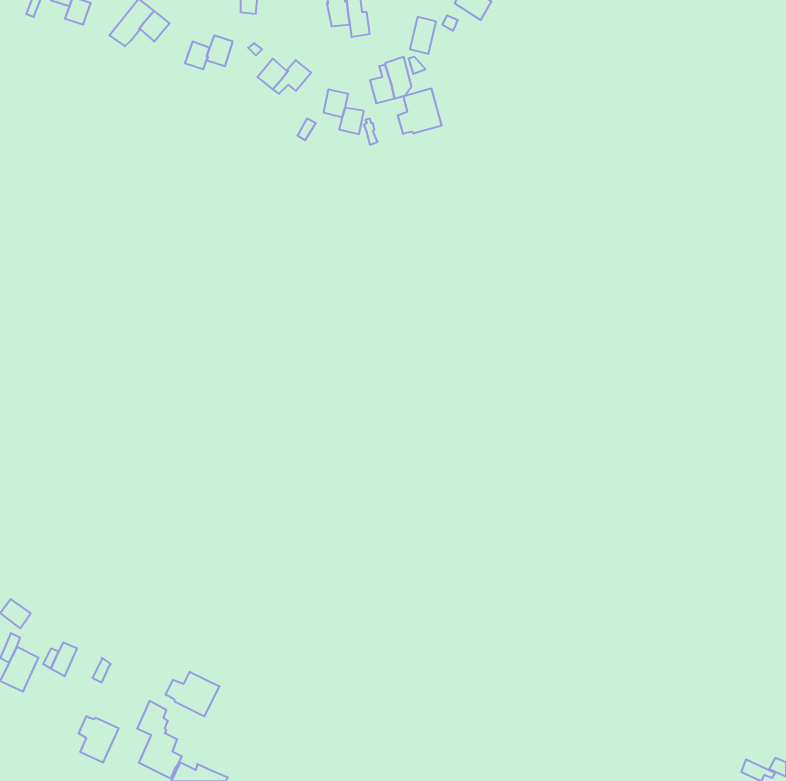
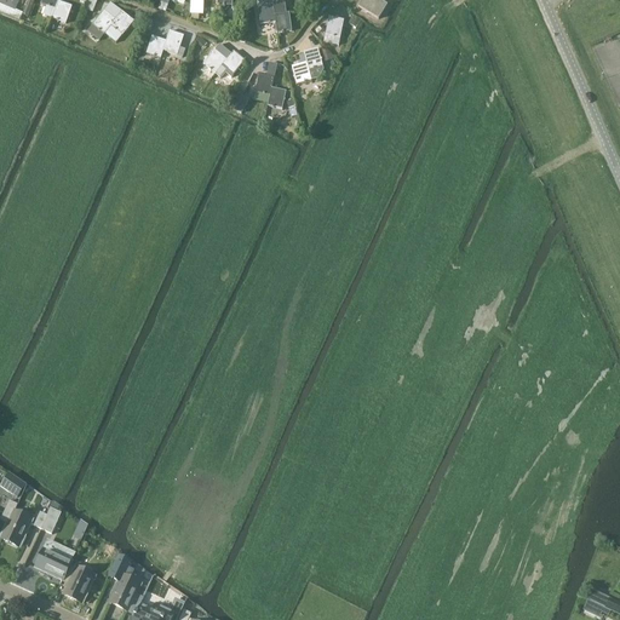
building: [398,88,441,134] -> none
building: [165,672,219,716] -> none
building: none -> [35,546,73,576]

